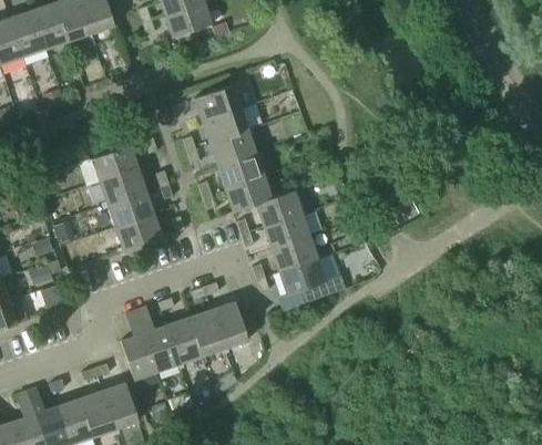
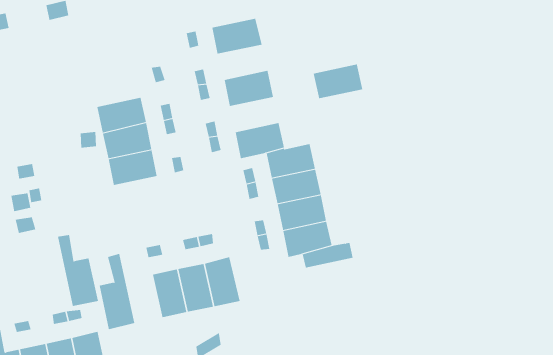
building: [202,108,249,144] -> none
building: [92,146,139,182] -> none
building: [218,154,265,189] -> [313,64,363,99]
building: [136,307,181,371] -> [57,234,99,307]

